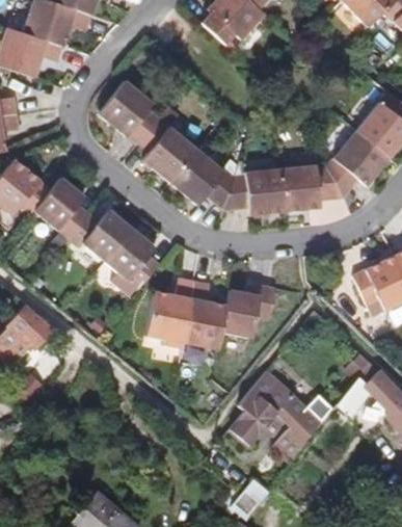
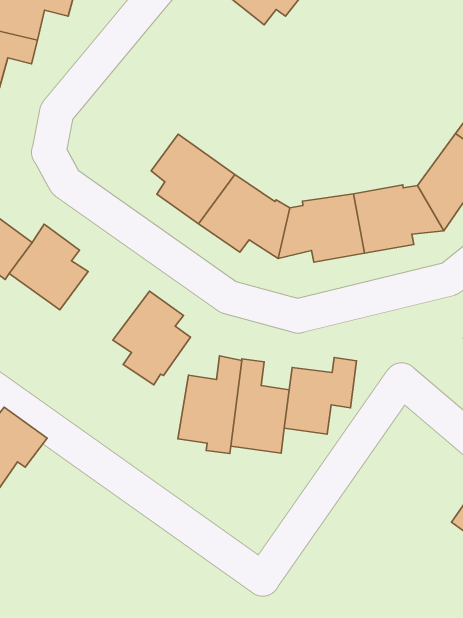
building: [99,80,160,143] -> none
building: [69,209,133,262] -> none
building: [235,362,329,455] -> none

